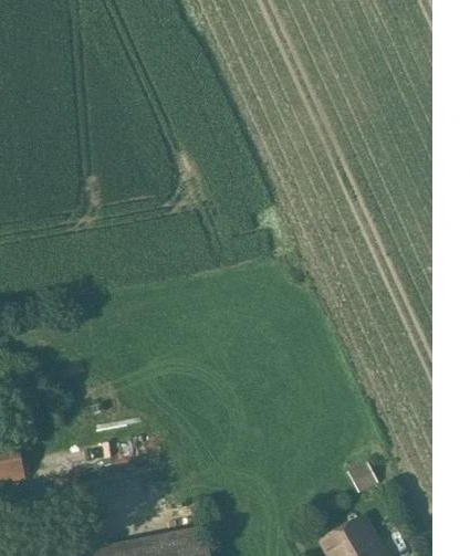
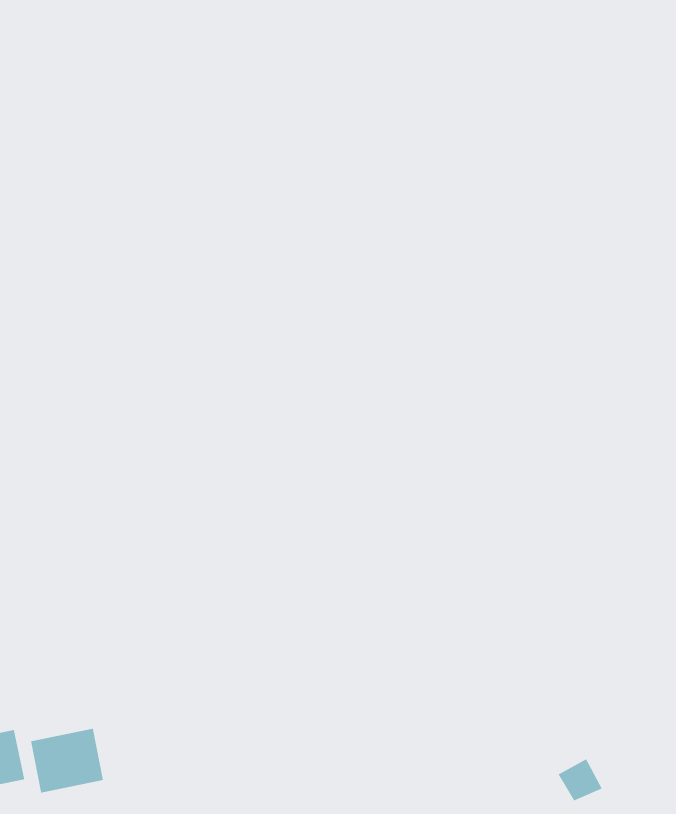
building: none -> [30,728,104,793]

